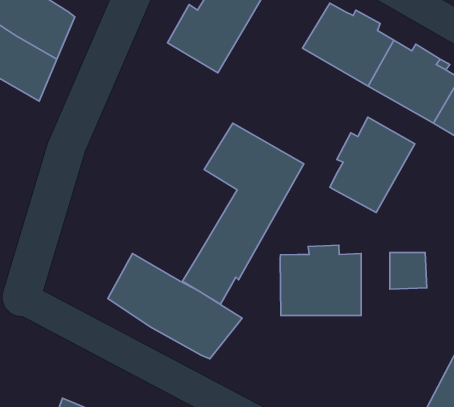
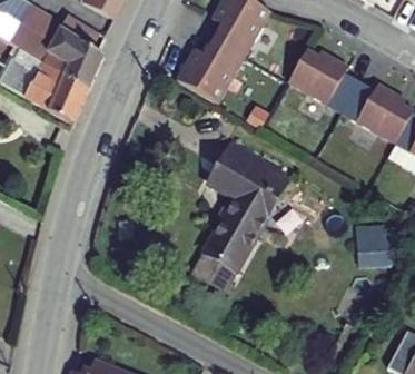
building: [330,117,415,212] -> none
building: [280,245,361,316] -> none
building: [108,254,242,359] -> none

